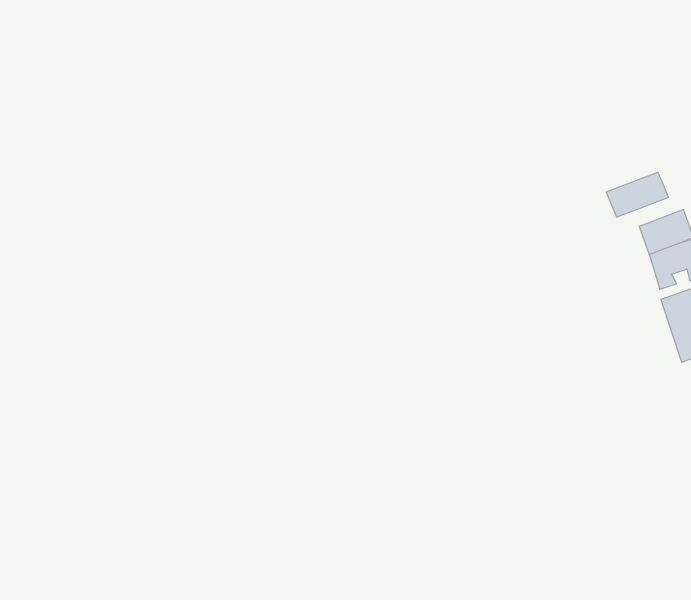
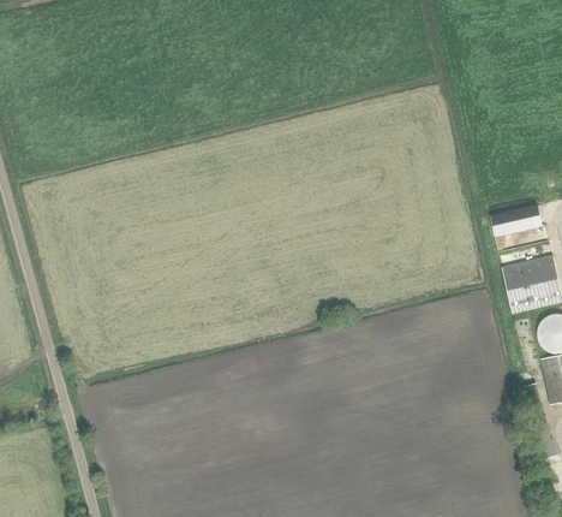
building: [606,172,668,217] -> none

